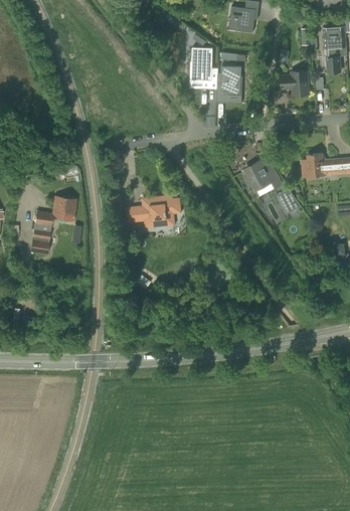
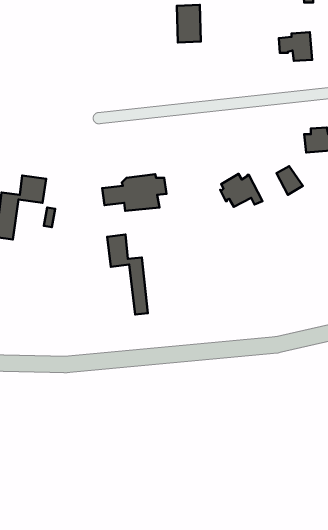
building: [219,64,240,93] -> none
building: [243,162,281,191] -> [220,174,262,207]
building: none -> [107,235,148,314]

